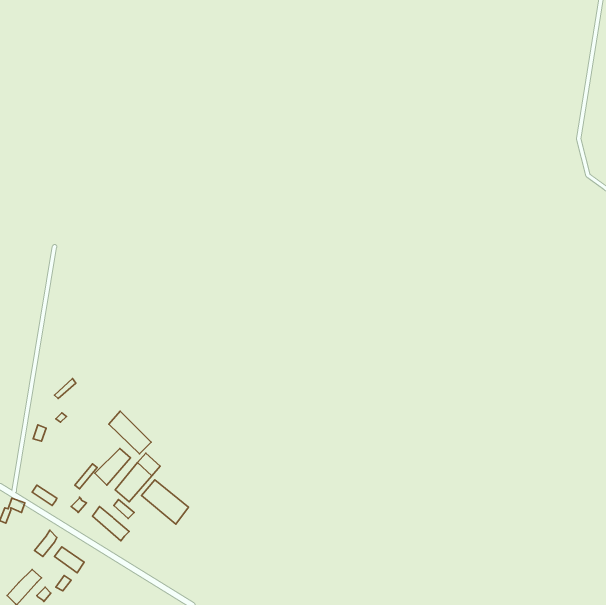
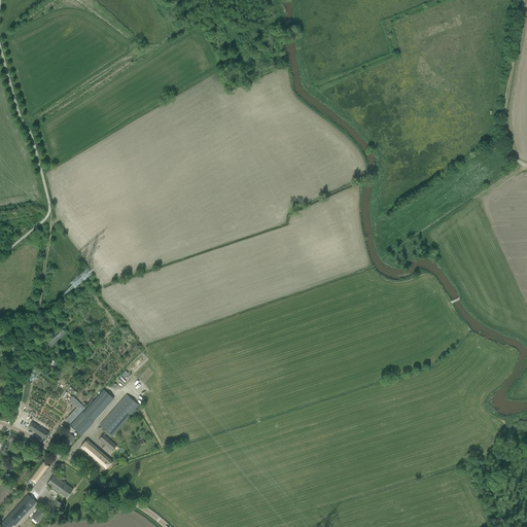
building: [109,411,151,454] -> none
building: [142,480,188,524] -> none

